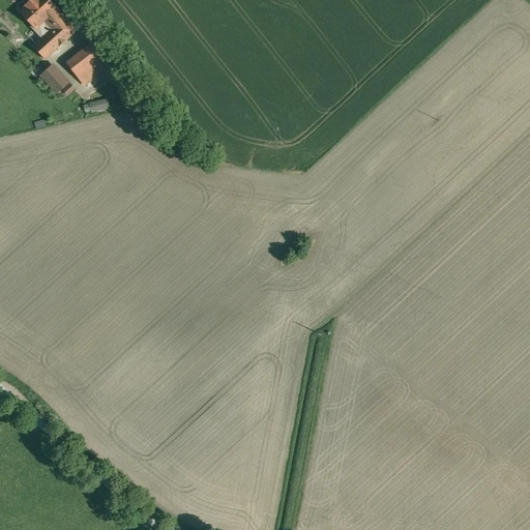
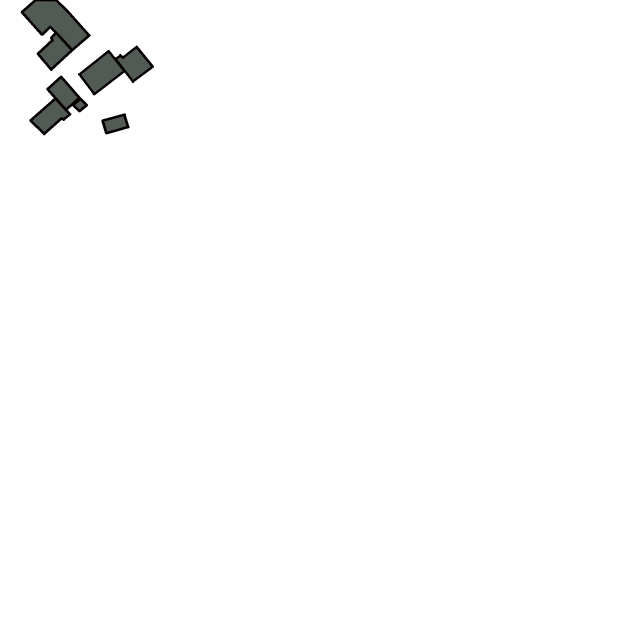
building: none -> [116,47,153,82]
building: none -> [31,98,70,134]

